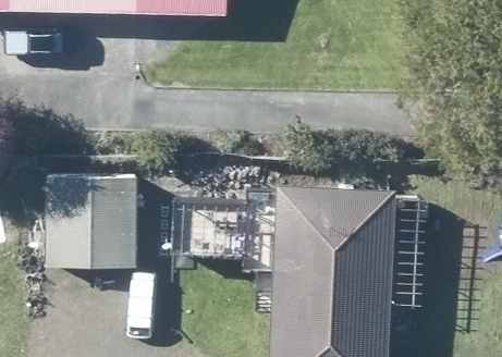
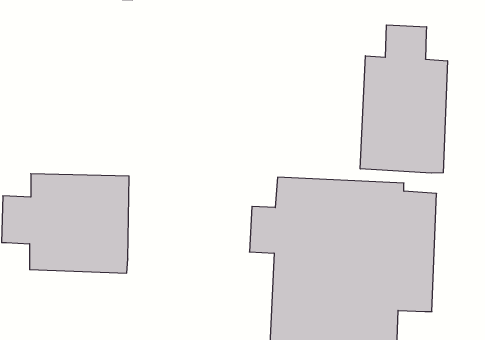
building: none -> [360,25,447,173]

